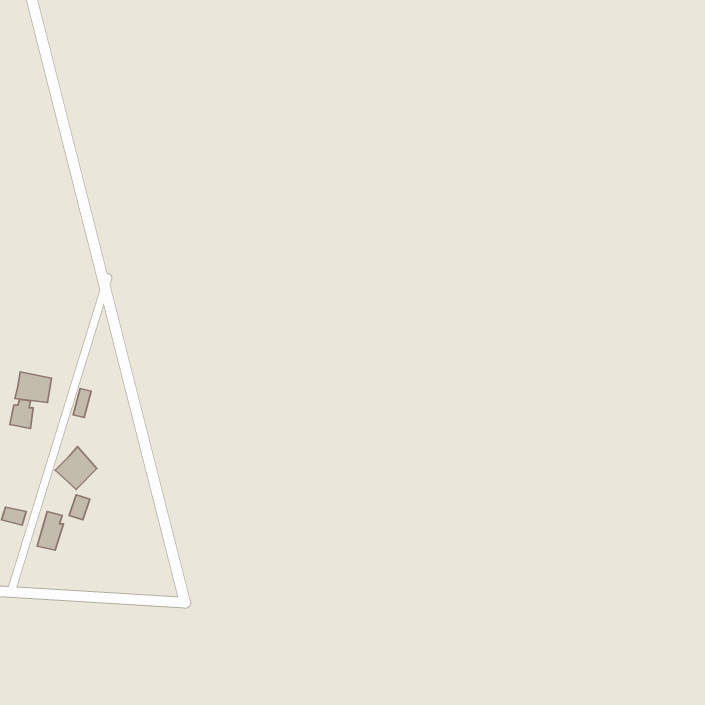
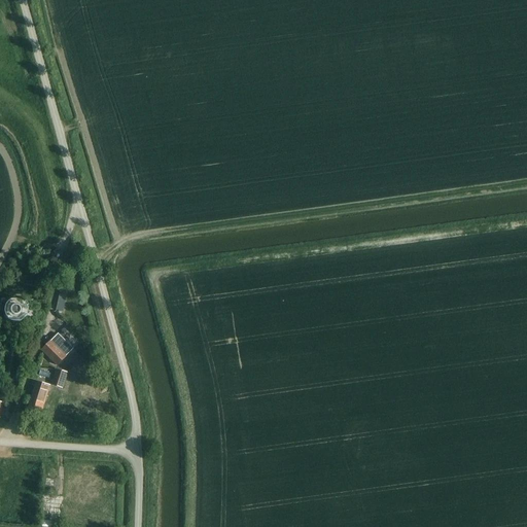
building: [15,372,52,403] -> none

